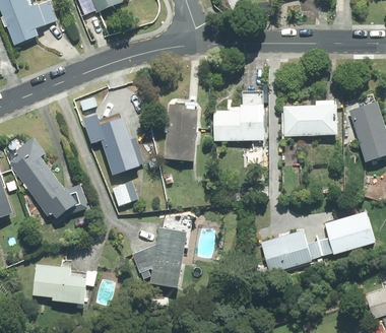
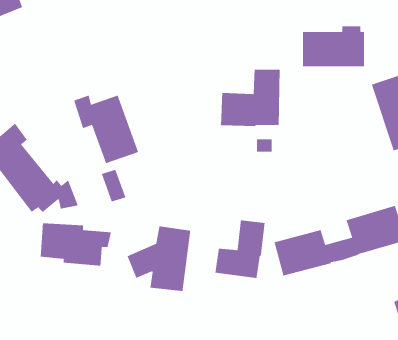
building: [282,97,337,134] -> [302,25,365,67]
building: [162,101,198,158] -> none
building: none -> [215,220,266,279]
building: [33,263,95,302] -> [40,222,112,267]

